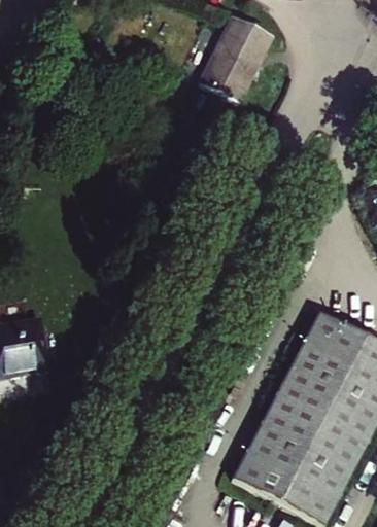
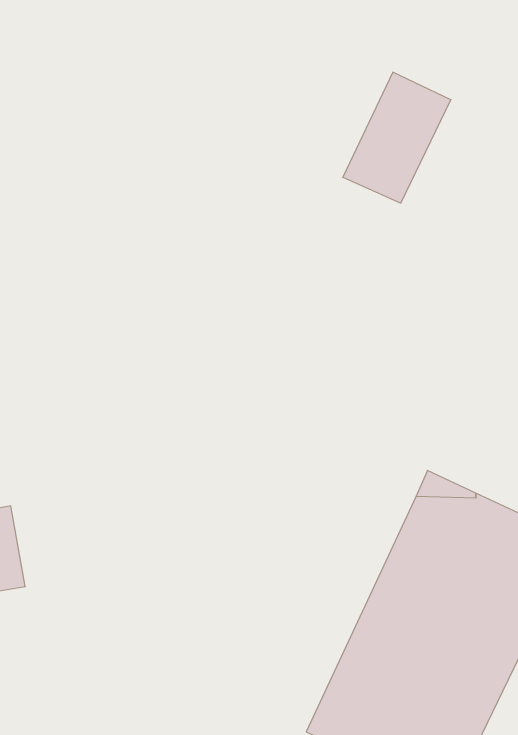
building: [209,16,278,100] -> [343,72,451,203]

